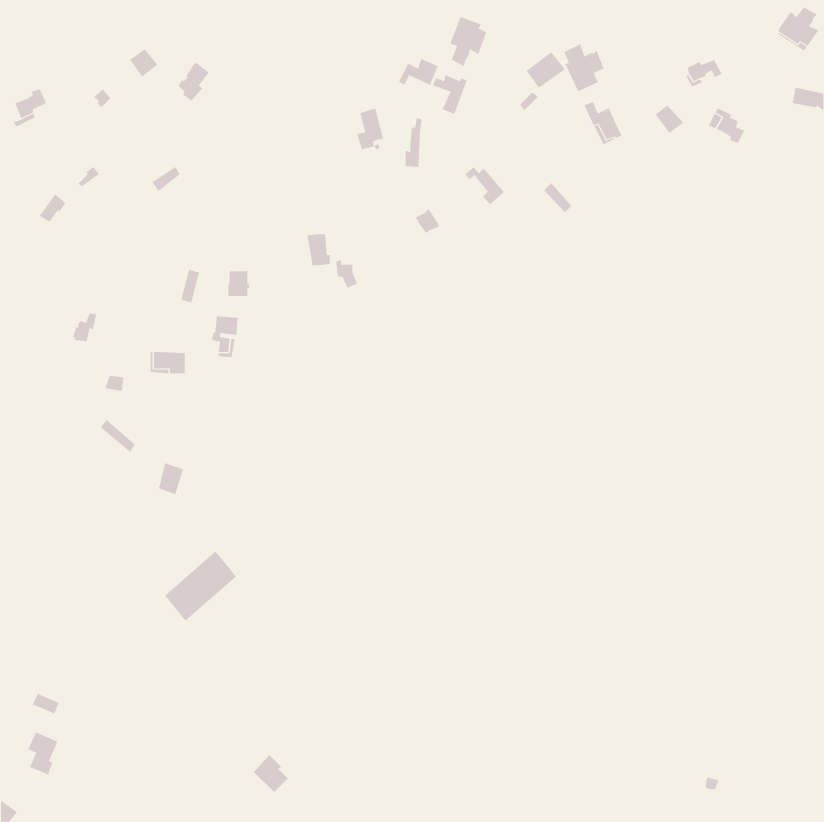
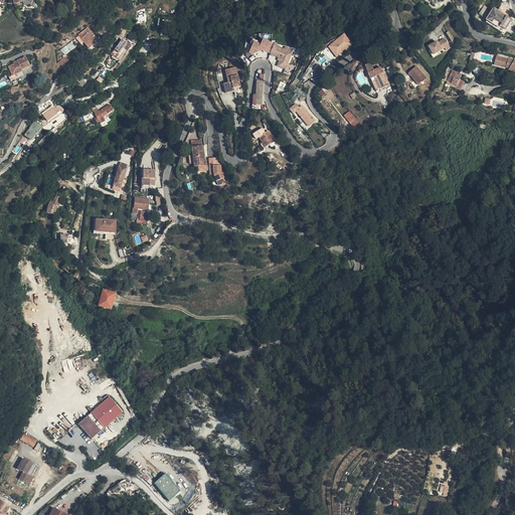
building: [450,17,487,67] -> none
building: [563,43,604,92] -> none
building: [164,551,237,622] -> [77,394,123,439]

